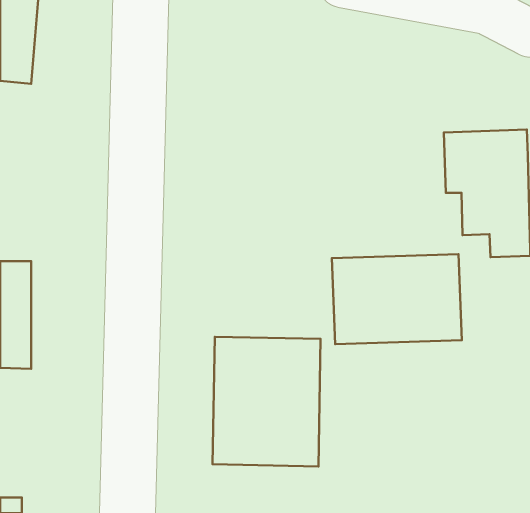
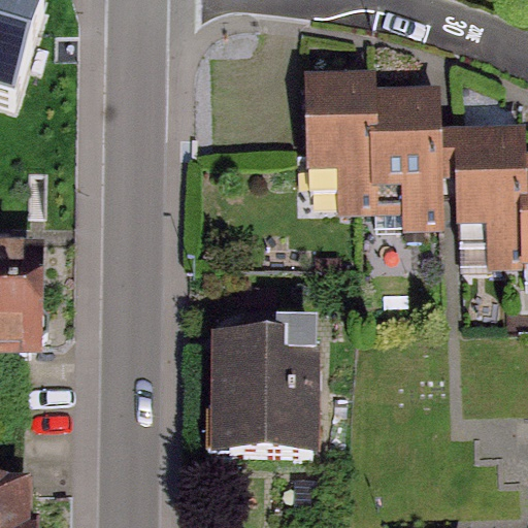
building: none -> [306,75,444,218]
building: [332,254,462,344] -> none

